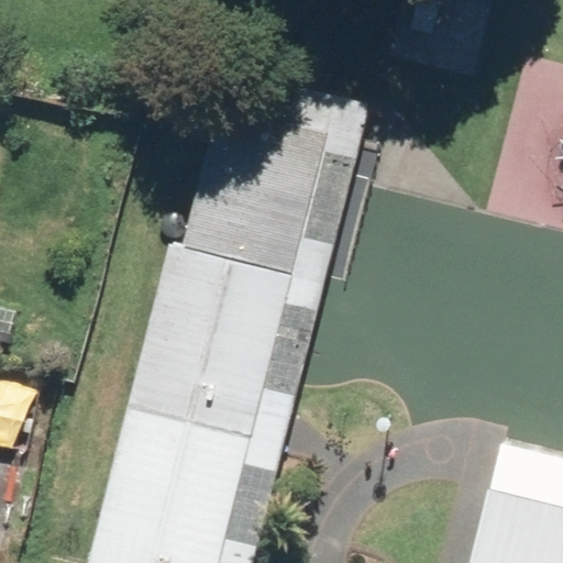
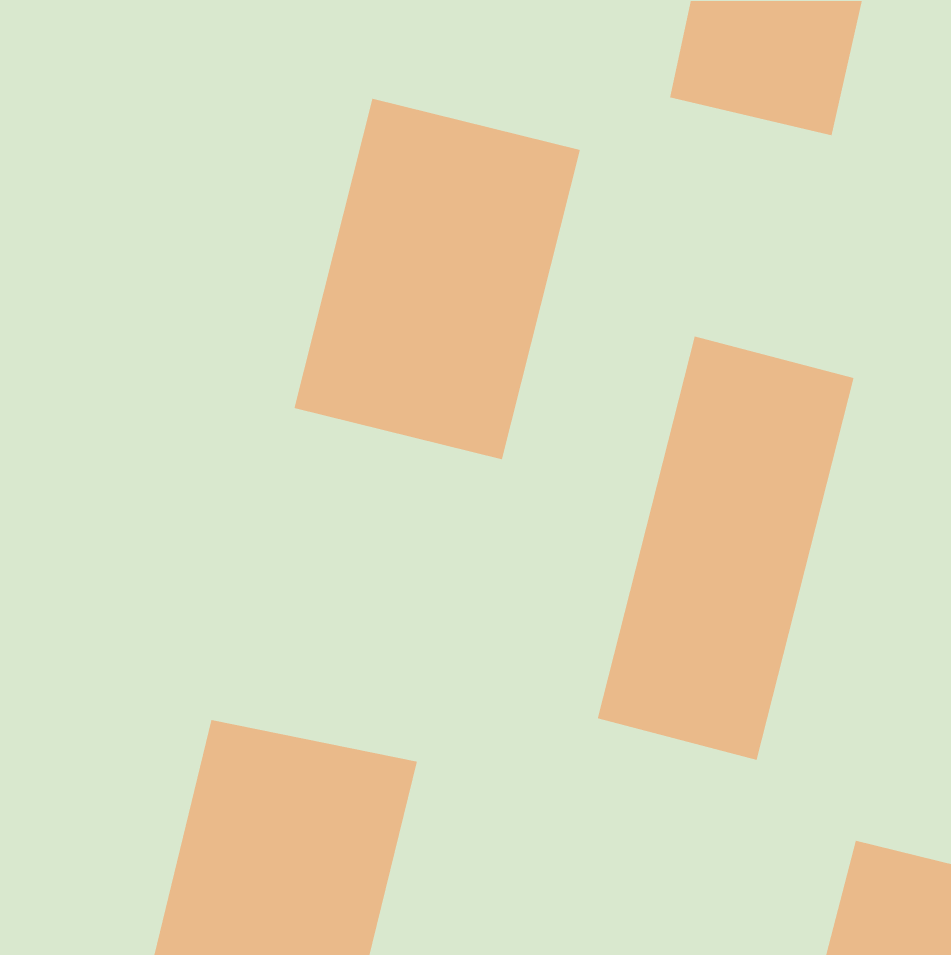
building: none -> [597,335,854,761]
building: [141,249,302,443] -> none

